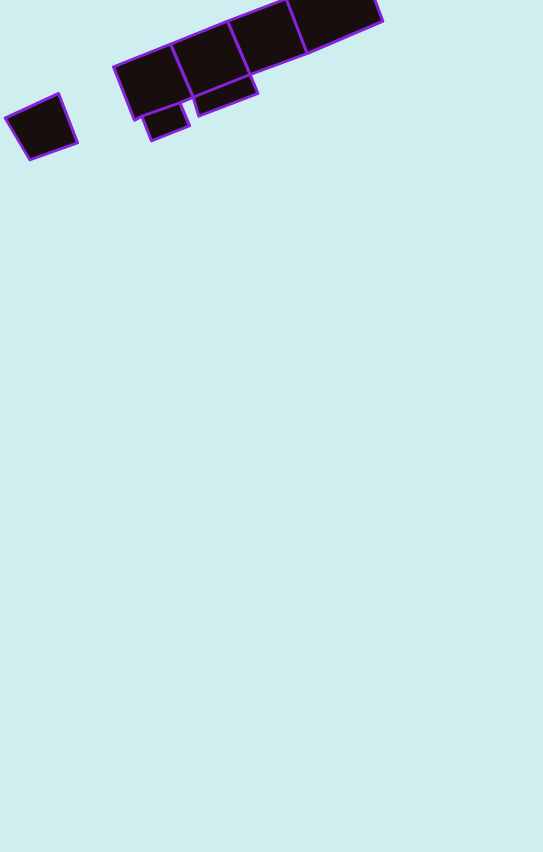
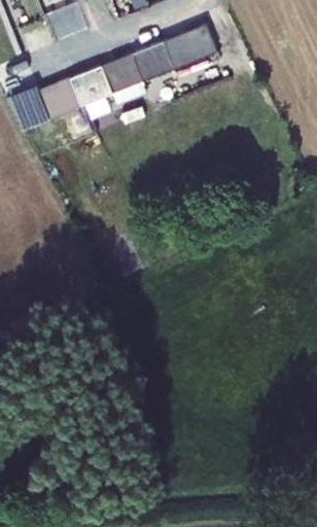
building: none -> [39,77,81,118]

